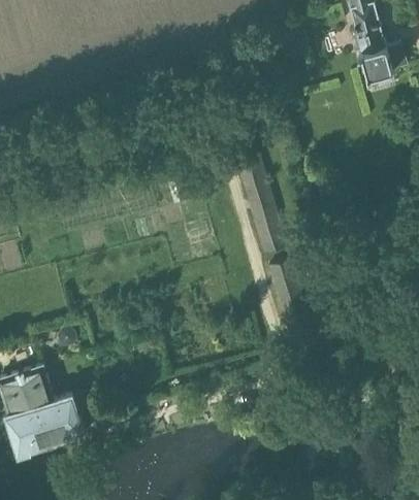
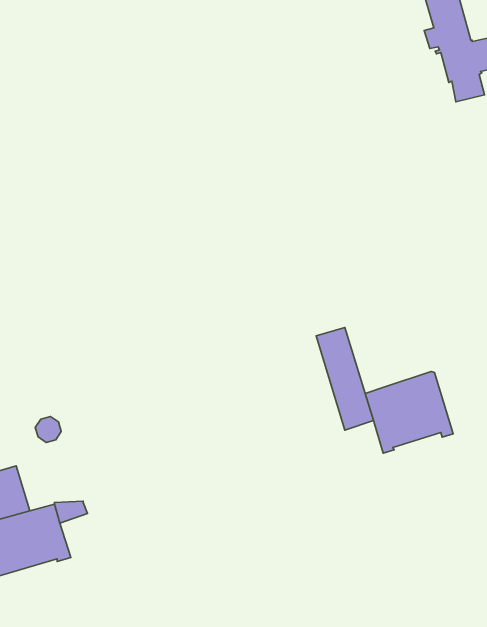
building: [235,156,285,254] -> none
building: none -> [365,371,453,453]

